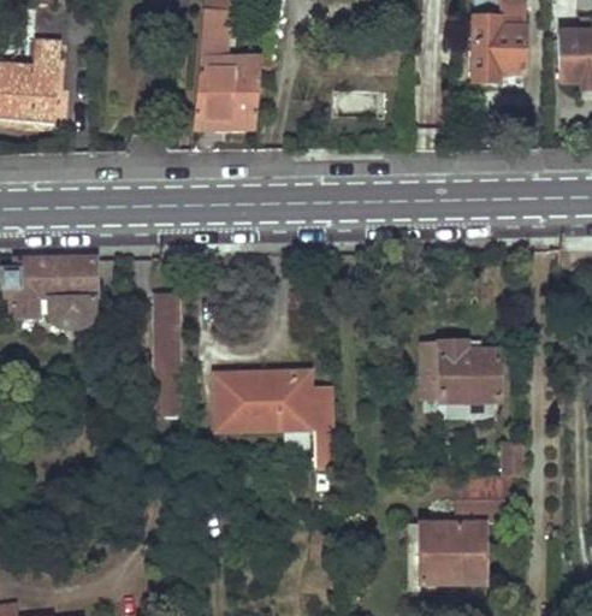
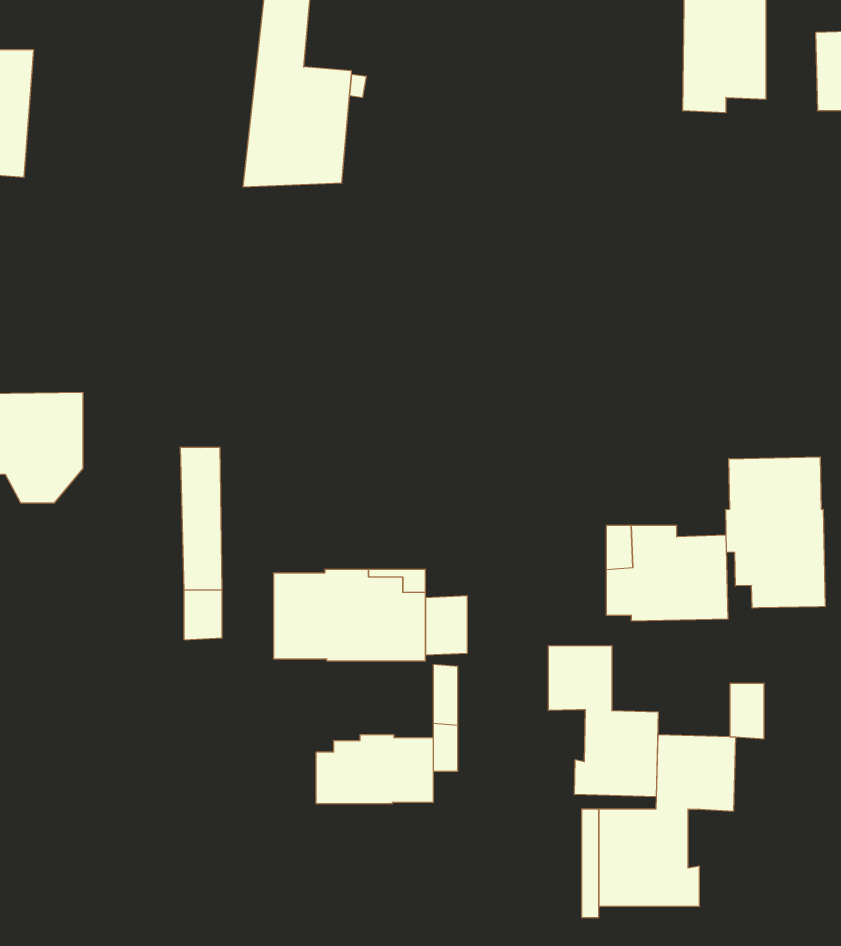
building: none -> [726,457,825,608]
building: none -> [549,646,658,797]
building: none -> [316,735,433,804]

